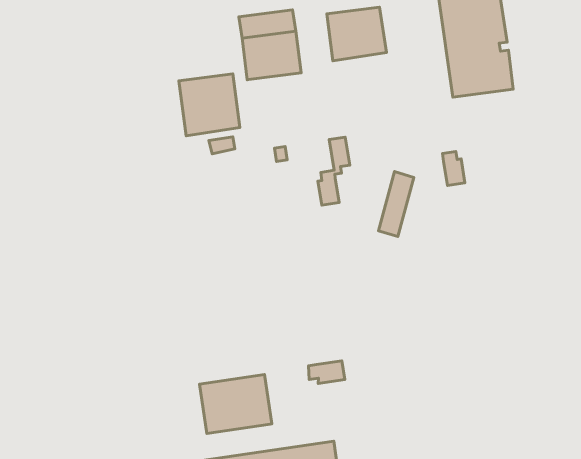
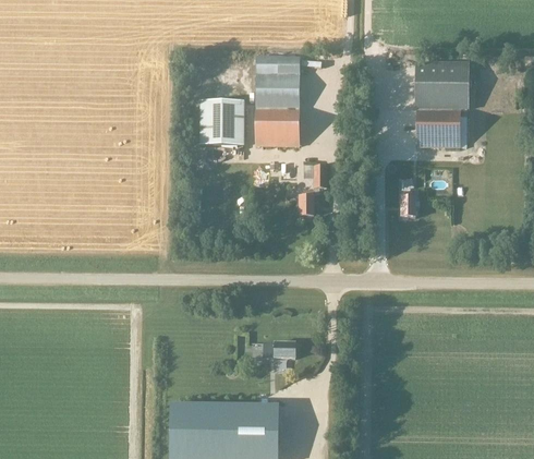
building: [327,7,386,61] -> [255,106,299,144]
building: [378,172,414,237] -> none
building: [199,375,272,433] -> none

